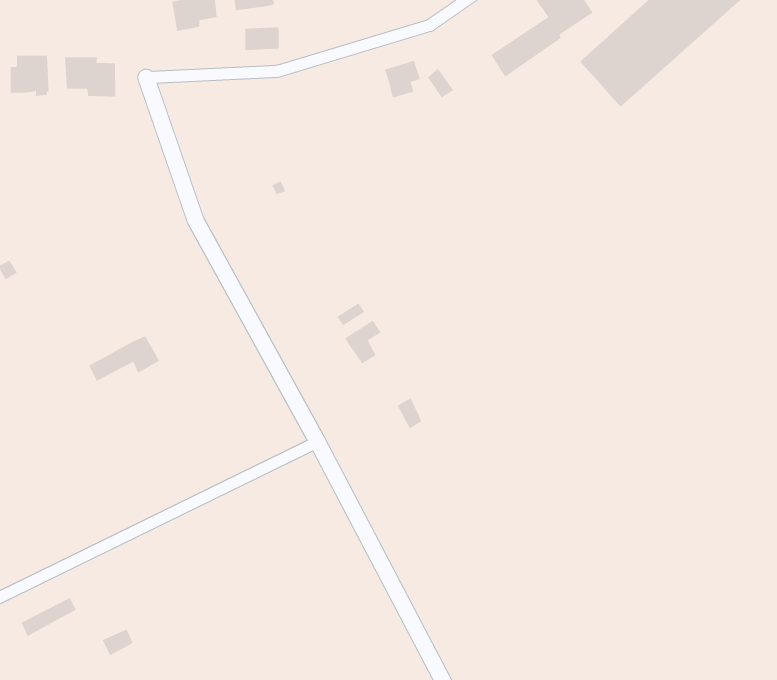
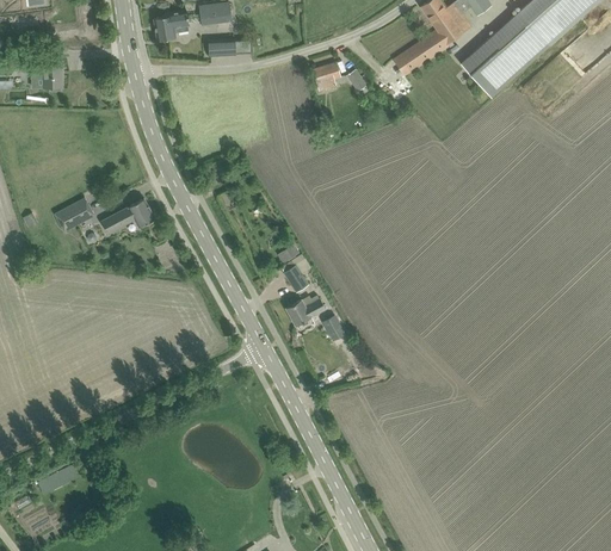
building: [65,57,116,97] -> none
building: none -> [54,198,92,230]
building: [89,335,160,381] -> [100,198,154,233]
building: none -> [284,298,325,326]

